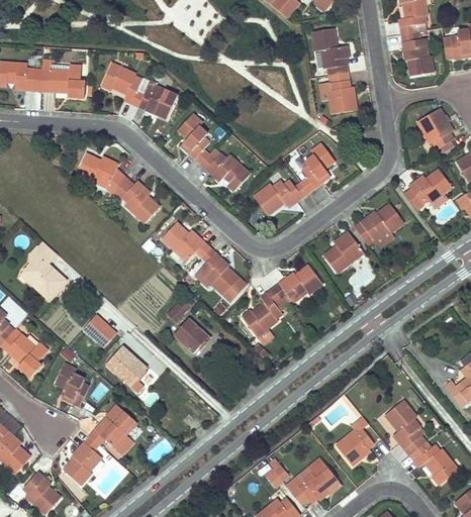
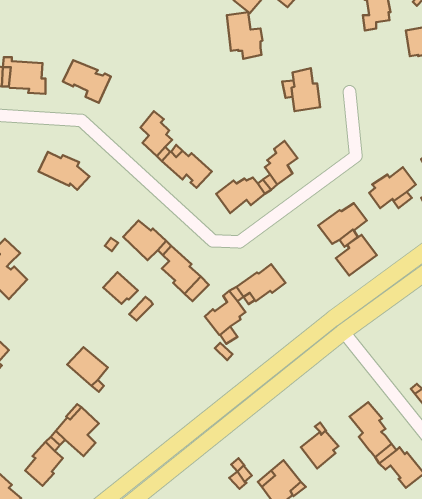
building: [312,29,348,76] -> [227,12,263,59]
building: [400,31,433,76] -> none
building: [136,80,176,119] -> none
building: [416,109,452,149] -> none
building: [113,179,160,222] -> none
building: [322,232,363,273] -> [336,235,377,276]
building: [84,314,116,347] -> none
building: [175,320,209,351] -> [103,272,138,304]
building: [55,364,89,405] -> none

